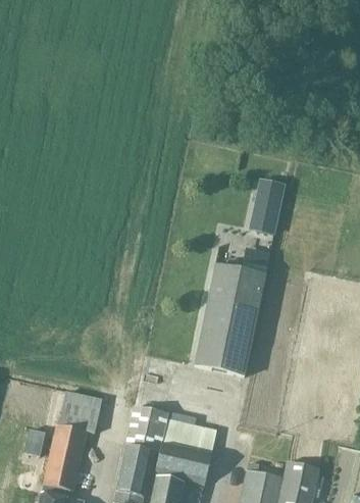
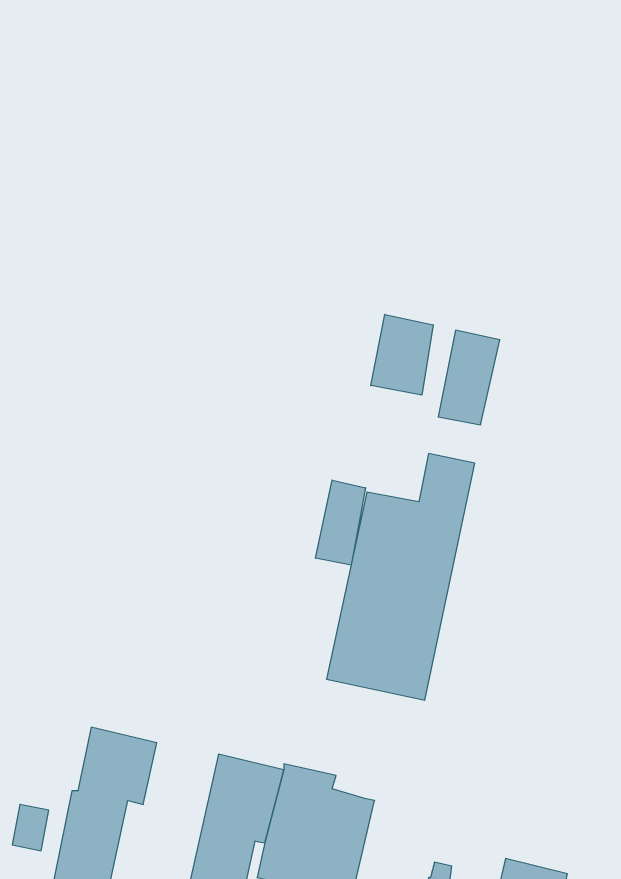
building: none -> [371,314,433,395]
building: none -> [316,480,366,565]

